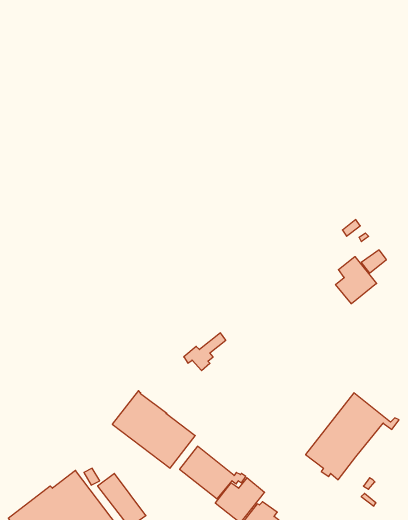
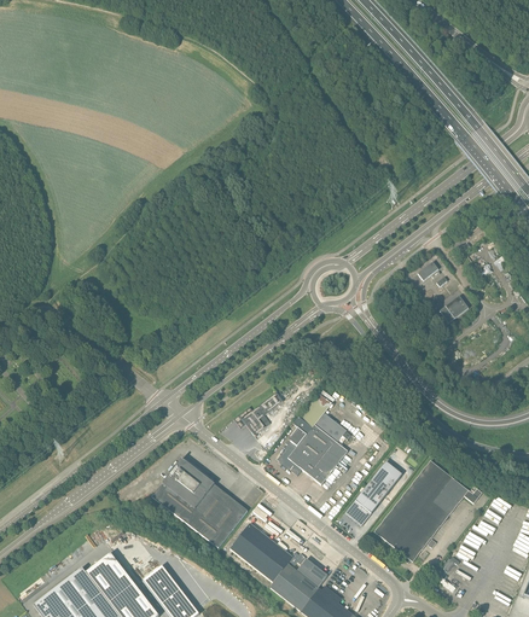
building: [336,257,377,304] -> none
building: none -> [277,392,353,485]
building: none -> [344,462,401,526]

